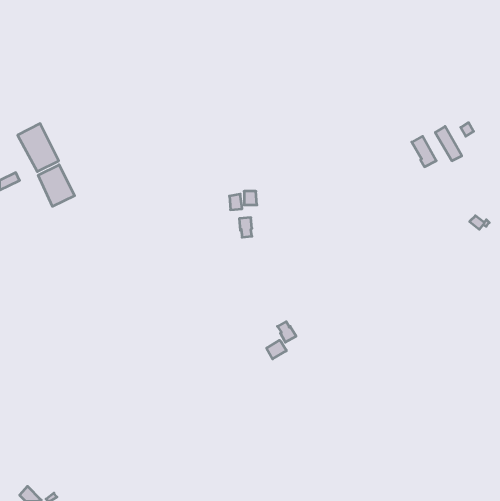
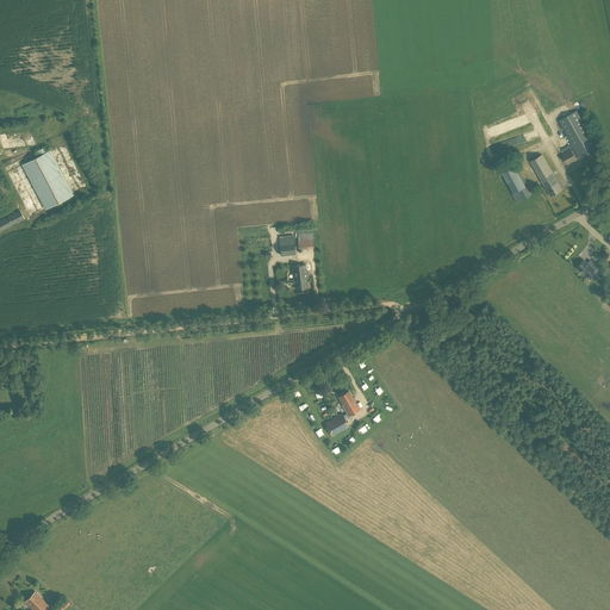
building: none -> [558,111,597,158]
building: [38,165,75,206] -> none

